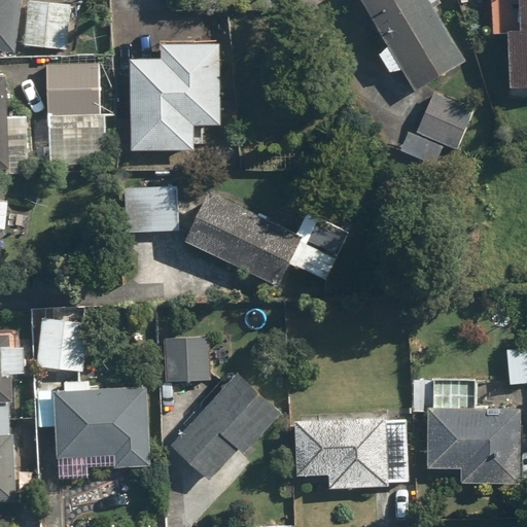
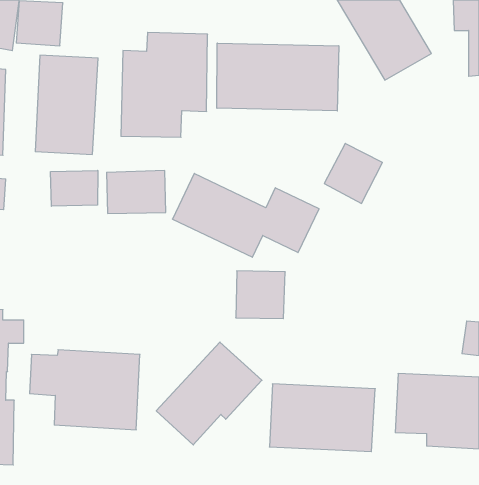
building: none -> [217,43,339,111]
building: [411,92,473,156] -> [324,143,382,203]
building: none -> [51,170,98,206]
building: [35,311,82,367] -> none
building: [159,335,212,386] -> [236,271,285,319]

